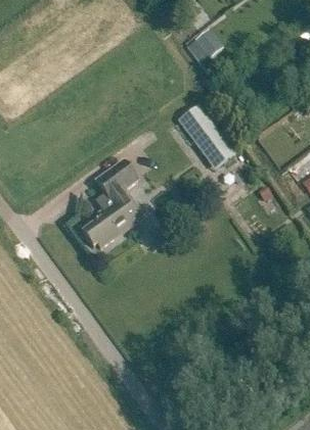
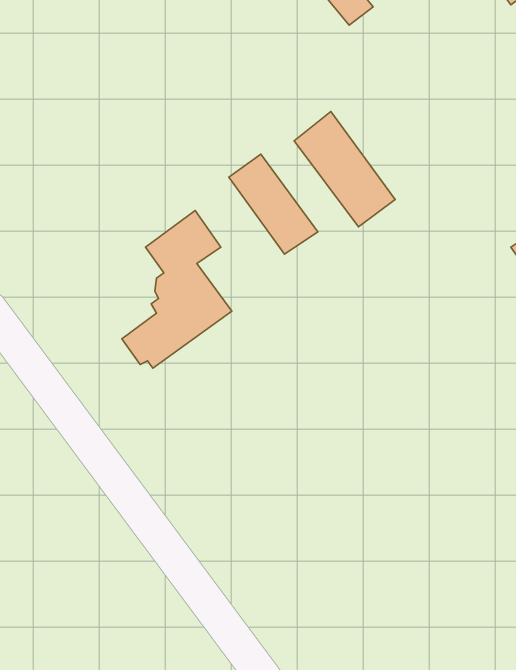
building: none -> [229,154,318,254]

